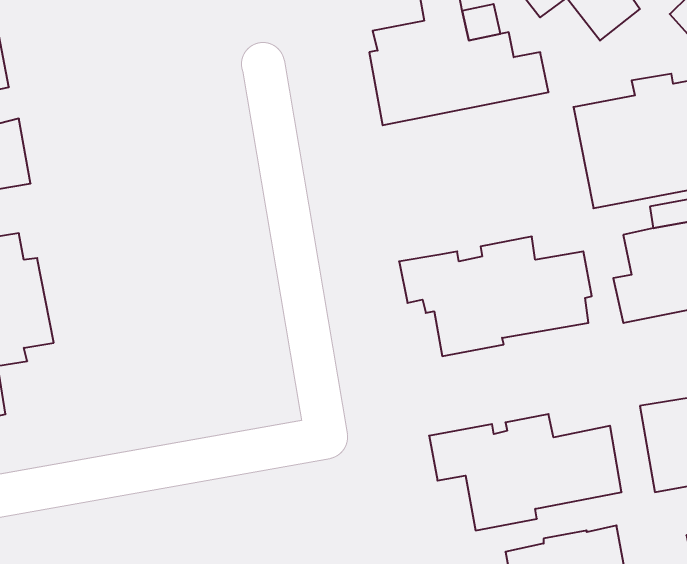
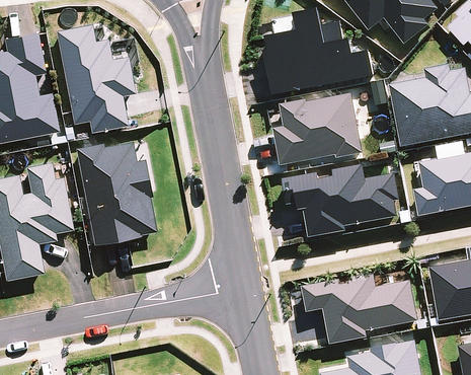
building: none -> [55,24,134,132]
building: none -> [273,92,364,165]
building: none -> [74,141,155,245]

